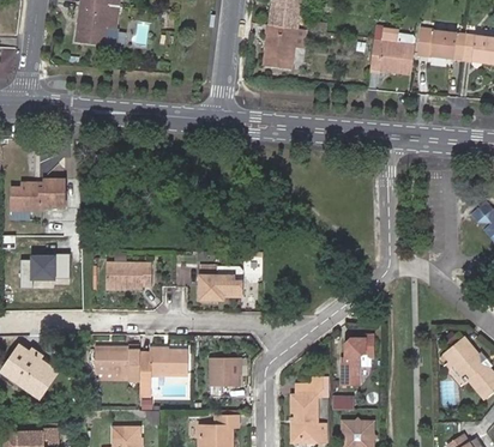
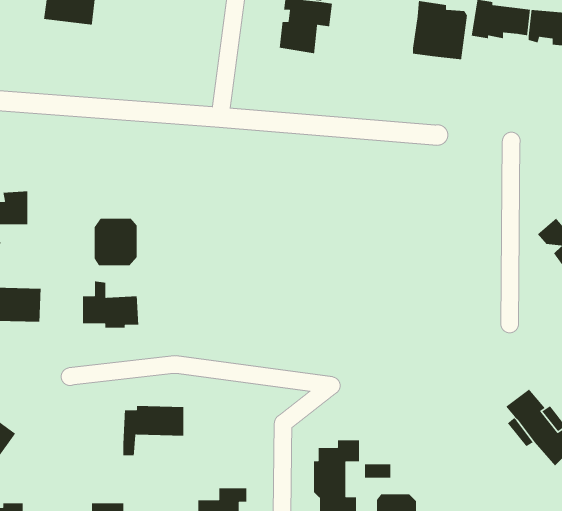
building: none -> [94,218,138,266]
building: [198,267,242,306] -> none
building: [341,336,373,386] -> none
building: [94,344,139,381] -> none
building: [210,358,237,394] -> none

